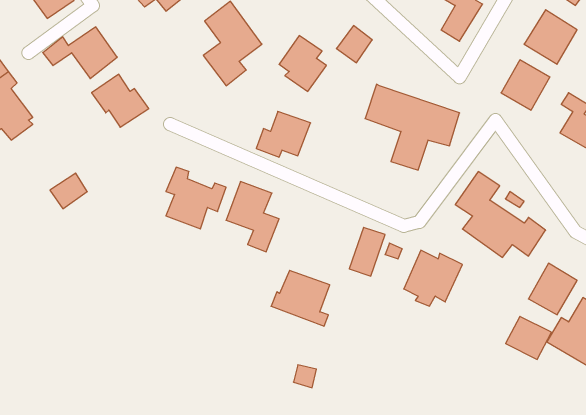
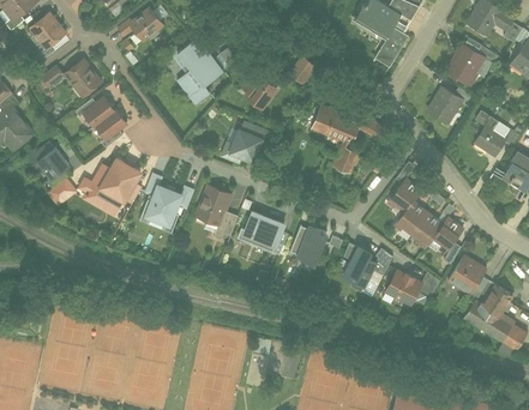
building: none -> [36,144,71,179]
building: none -> [79,155,143,217]
building: [271,270,330,326] -> [236,209,285,255]
building: [506,316,551,359] -> [384,269,422,305]

